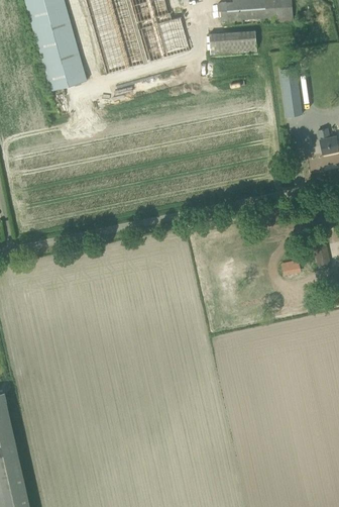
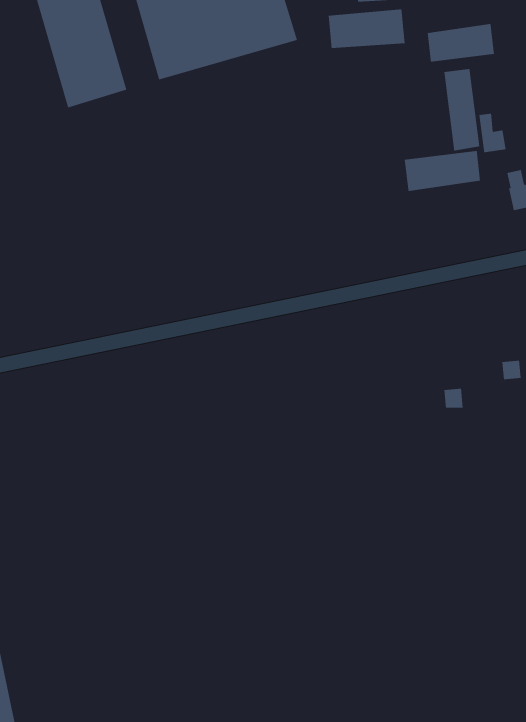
building: none -> [427,23,495,62]
building: none -> [404,150,481,192]

